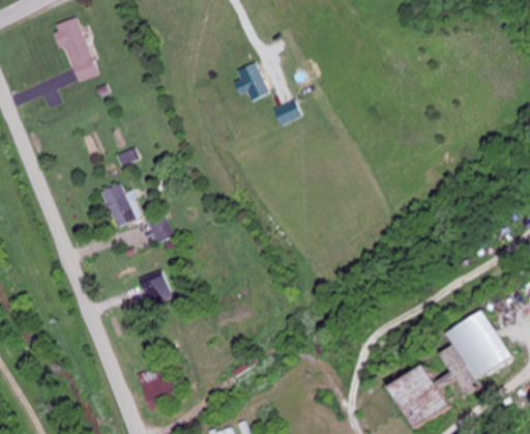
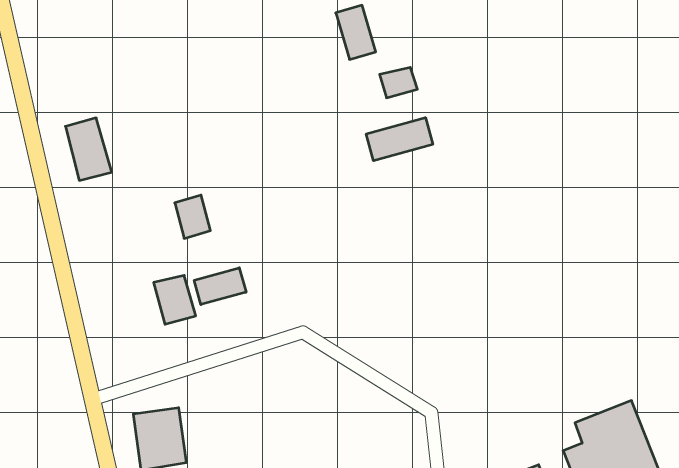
building: none -> [366,118,433,161]
building: [99,181,137,227] -> [65,118,112,180]
building: none -> [194,268,246,305]

